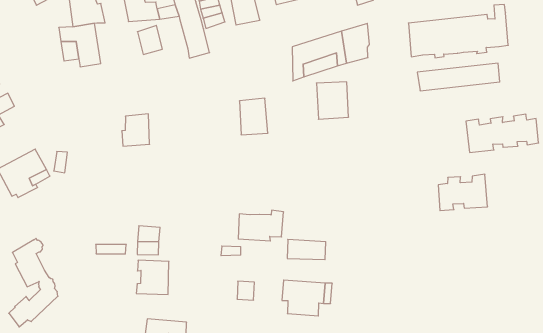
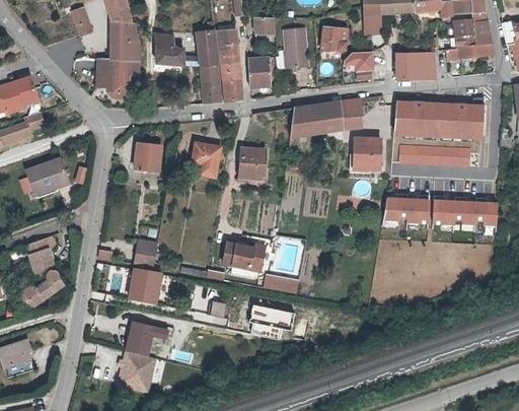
building: [137,25,162,54] -> [223,76,242,99]
building: [316,82,349,119] -> [351,135,380,168]
building: none -> [193,142,222,181]
building: [438,174,488,211] -> [387,191,431,221]

